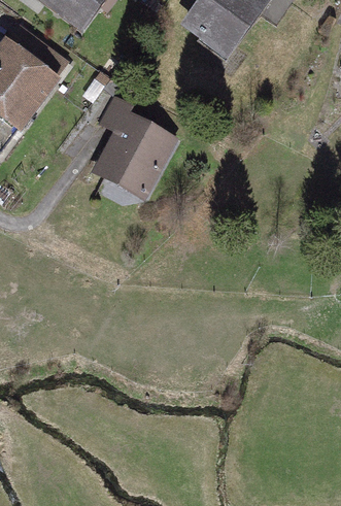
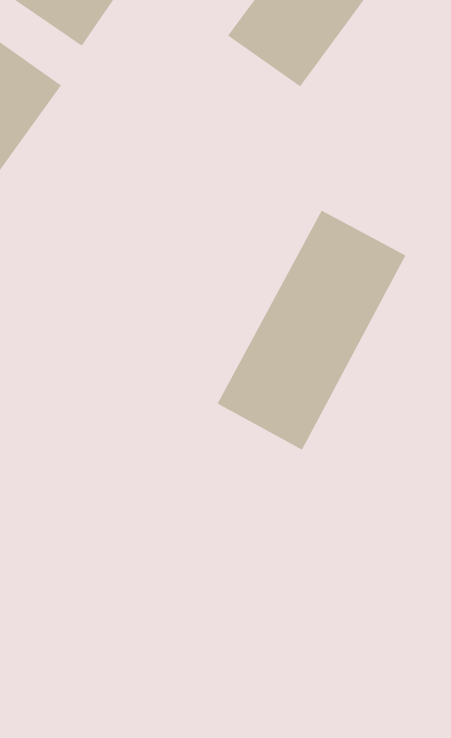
building: [91,112,172,197] -> none
building: none -> [217,210,406,451]

